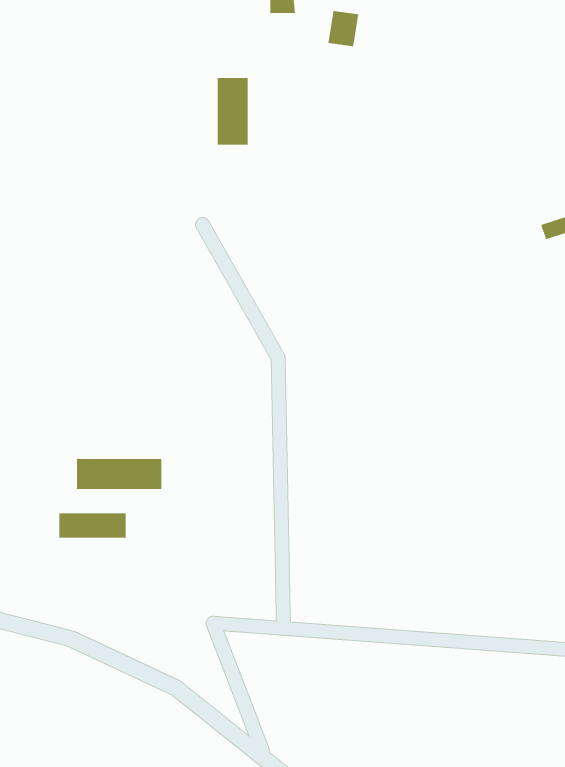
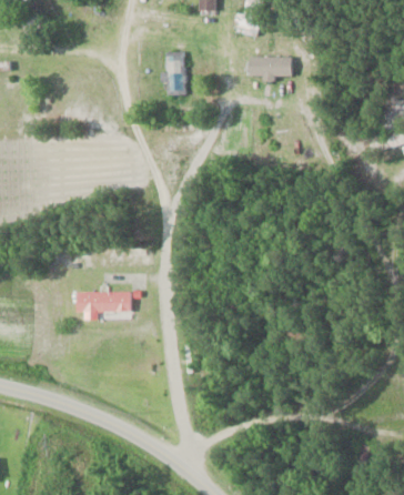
building: none -> [250,55,292,78]
building: [58,513,126,539] -> none

